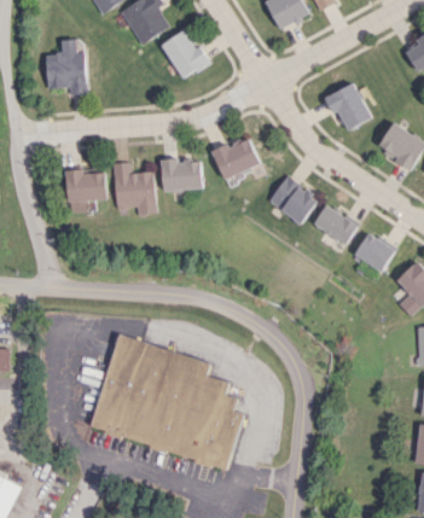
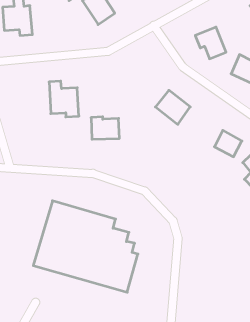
building: [213,136,261,180] -> none
building: [162,158,203,191] -> [91,117,119,139]
building: [66,169,108,202] -> none
building: [313,205,358,245] -> none

